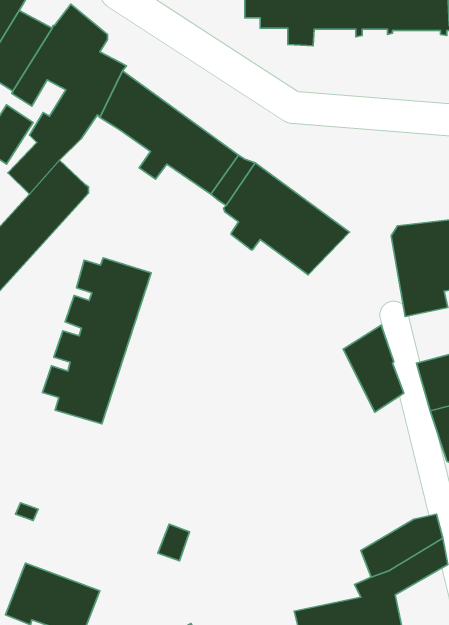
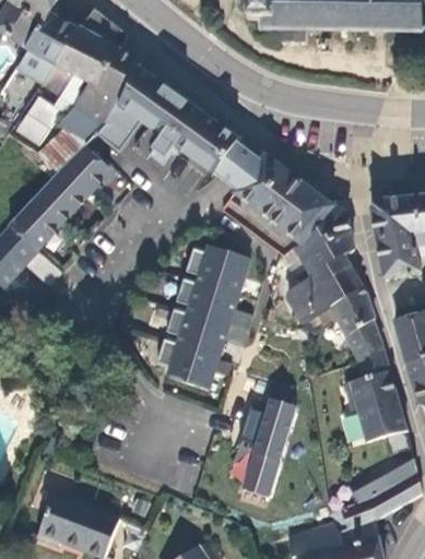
building: none -> [84,104,137,164]
building: none -> [288,205,363,321]
building: [43,258,151,424] -> [157,245,251,389]
building: none -> [343,345,405,442]
building: none -> [224,393,297,492]

